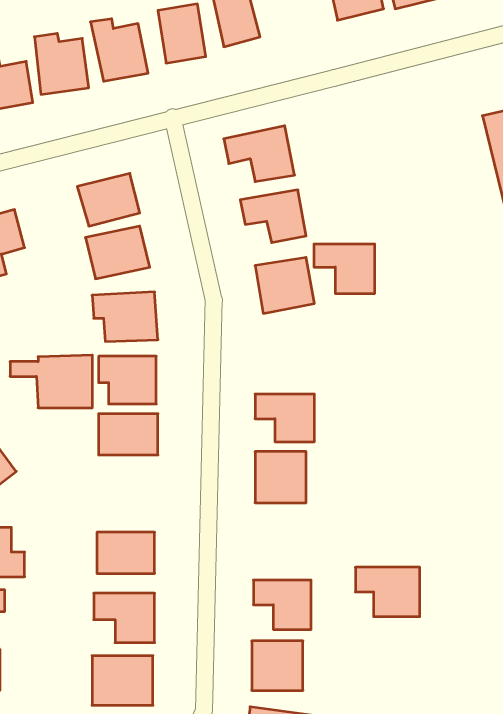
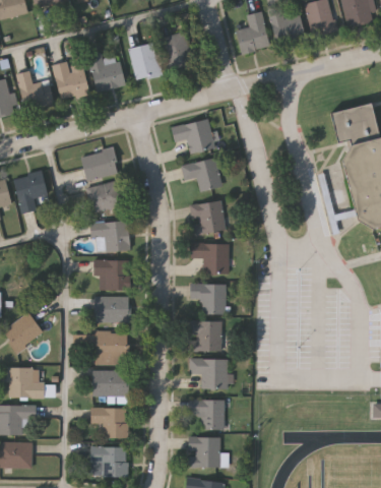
building: [314,244,375,293] -> [191,243,229,273]
building: [10,355,92,408] -> [77,331,128,364]
building: [355,567,420,617] -> [190,359,230,389]

